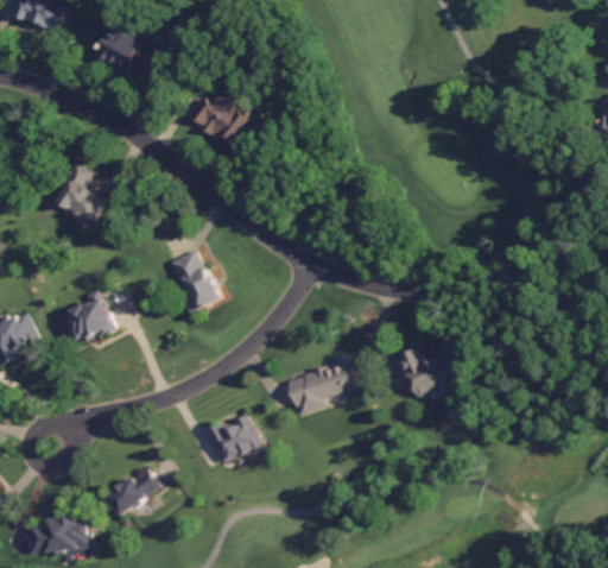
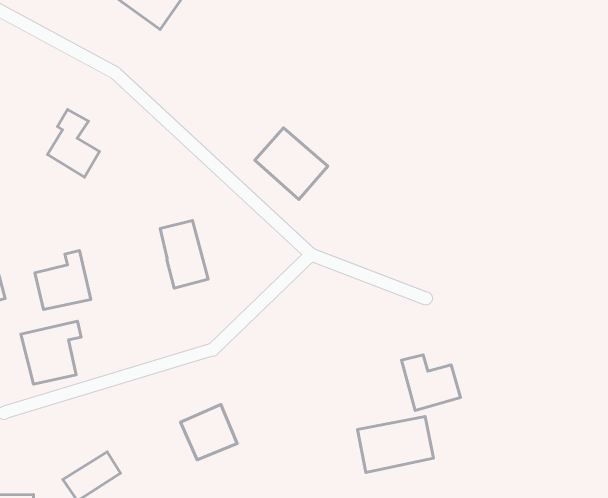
building: [188,84,254,147] -> [255,128,328,200]
building: none -> [21,321,81,384]
building: [285,358,356,415] -> [358,416,433,473]

